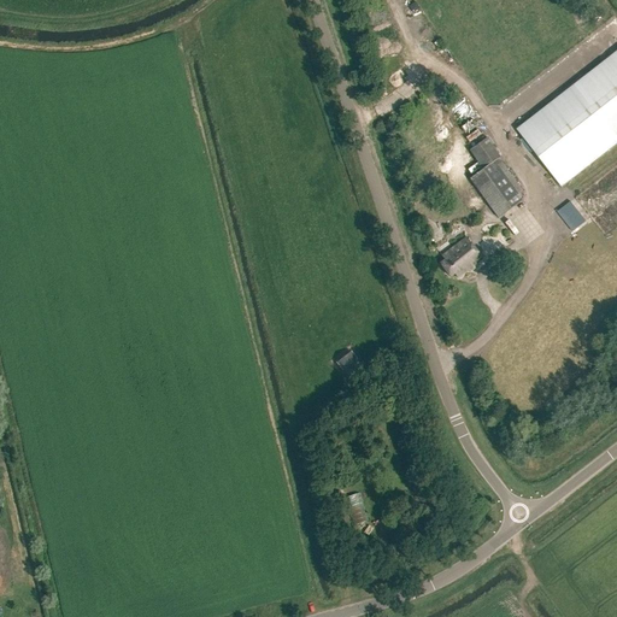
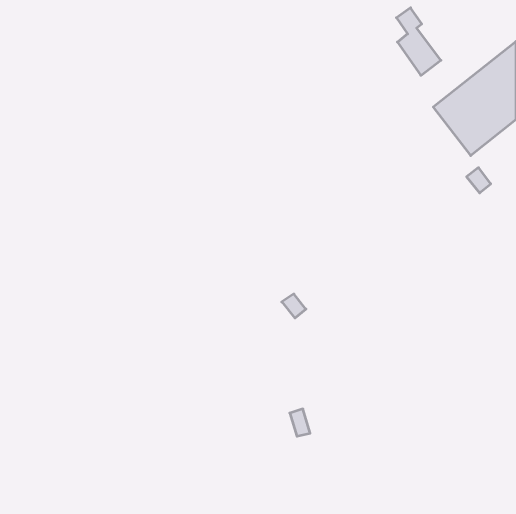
building: [469,136,522,217] -> [396,8,441,75]
building: [440,236,481,276] -> none

